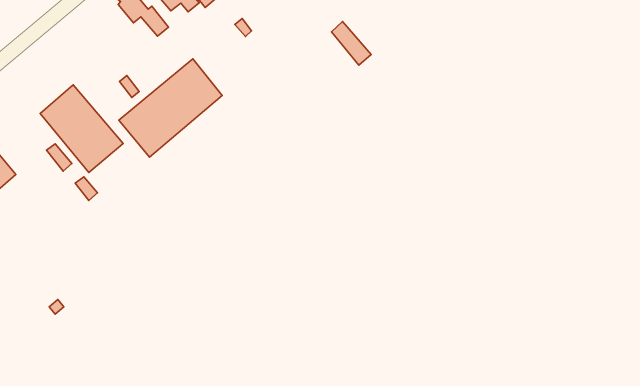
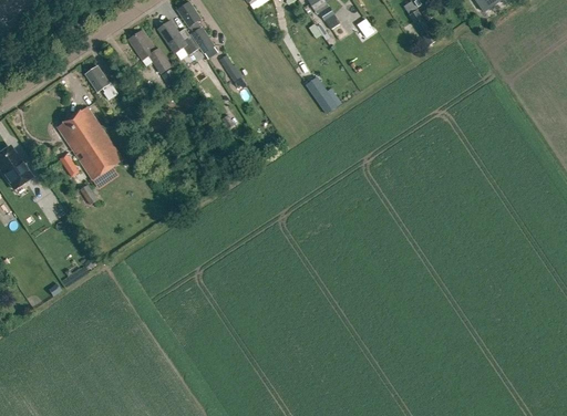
building: none -> [85,65,117,98]
building: [119,59,222,157] -> none

